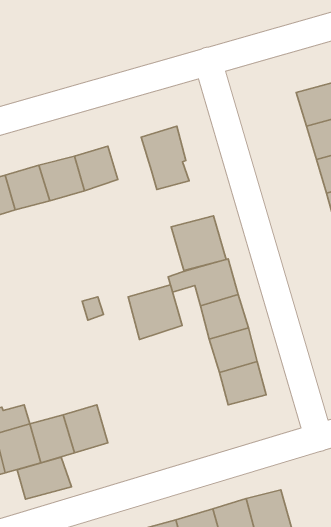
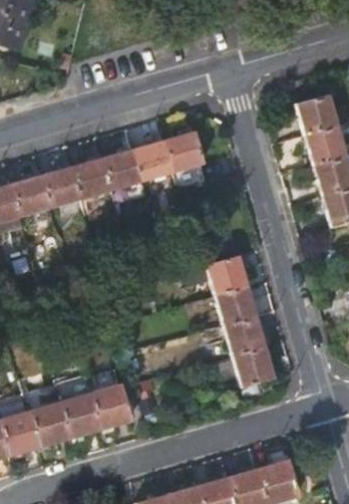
building: none -> [130,144,169,182]
building: [171,216,226,270] -> none
building: [128,285,182,339] -> none
building: [17,457,72,499] -> none

